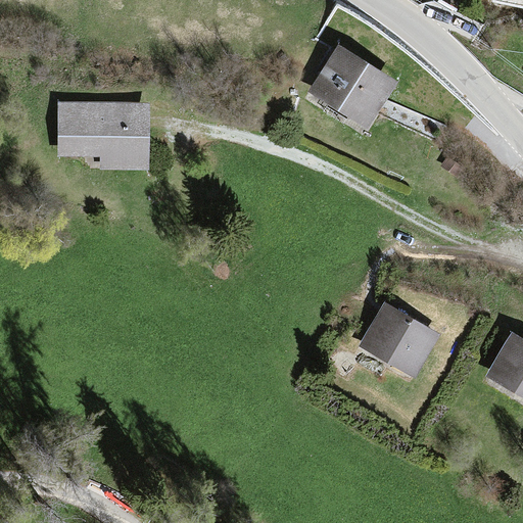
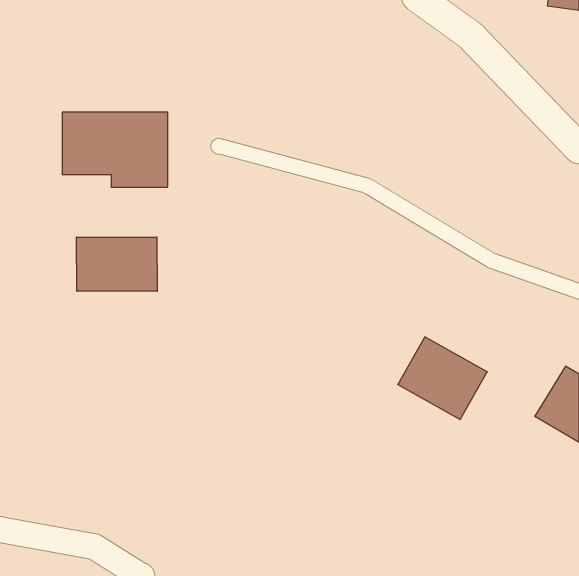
building: [307,43,397,129] -> none
building: none -> [77,237,157,291]

